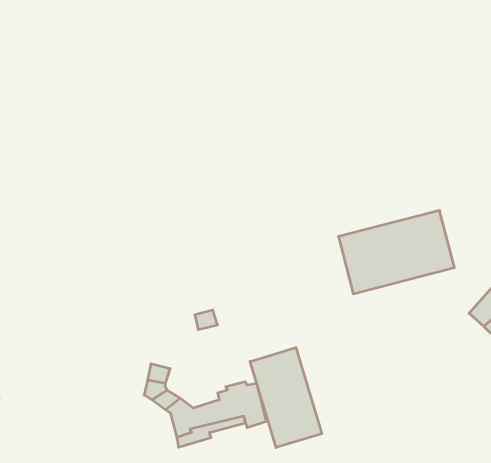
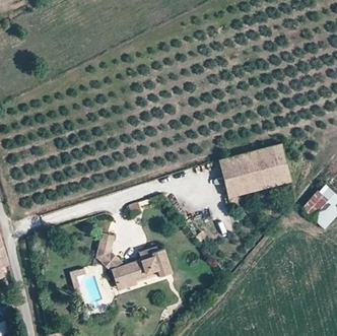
building: [250,348,322,448] -> none

